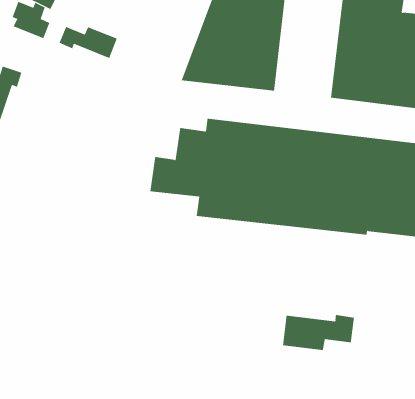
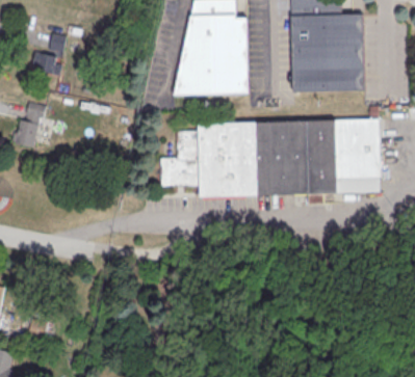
building: [59,26,117,59] -> none
building: [283,314,355,351] -> none

